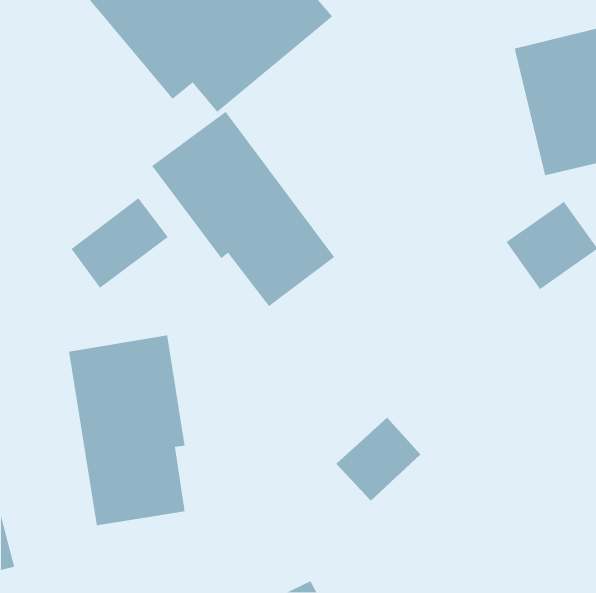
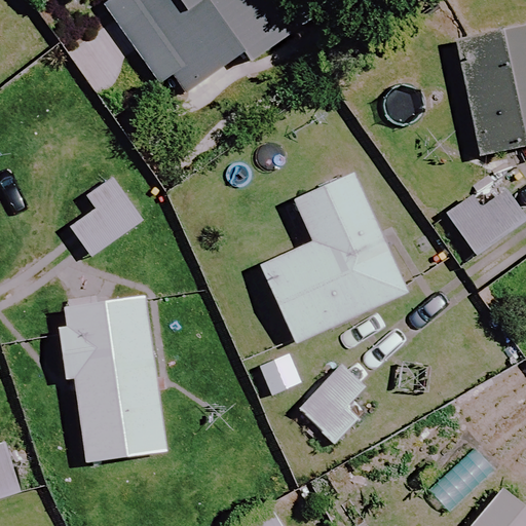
building: [151,111,335,307] -> none
building: none -> [260,171,406,340]

